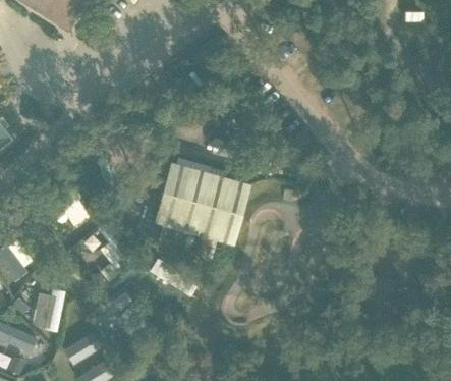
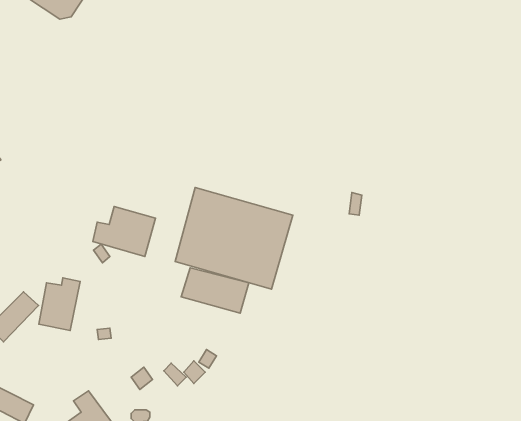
building: none -> [93,206,156,256]
building: [30,285,63,328] -> [39,278,80,331]

